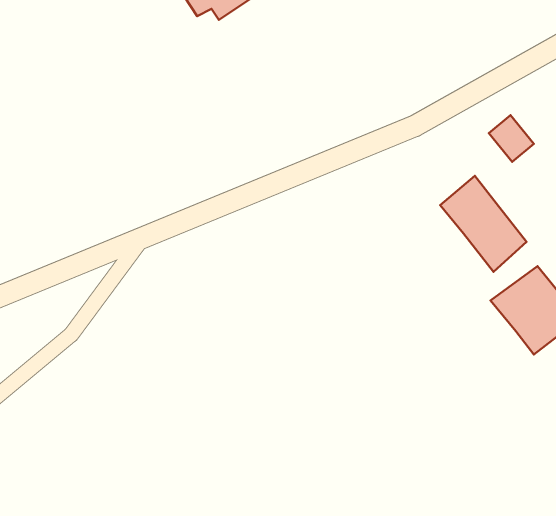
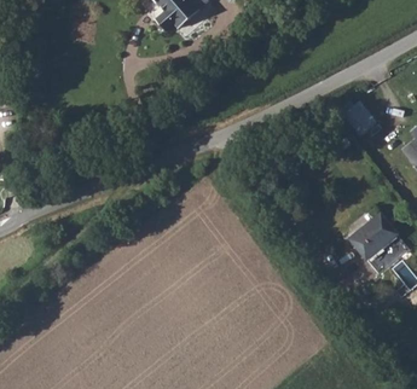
building: [440,176,526,272] -> none

